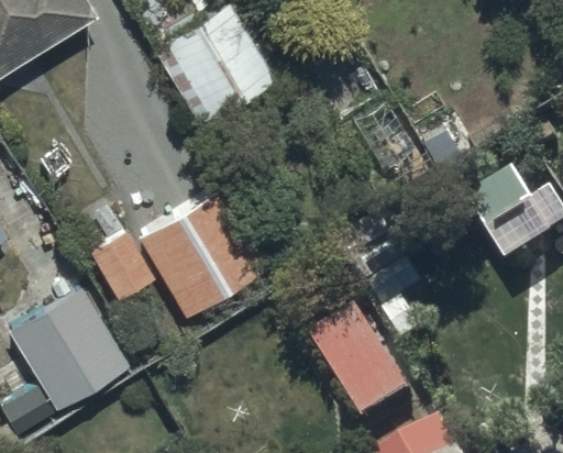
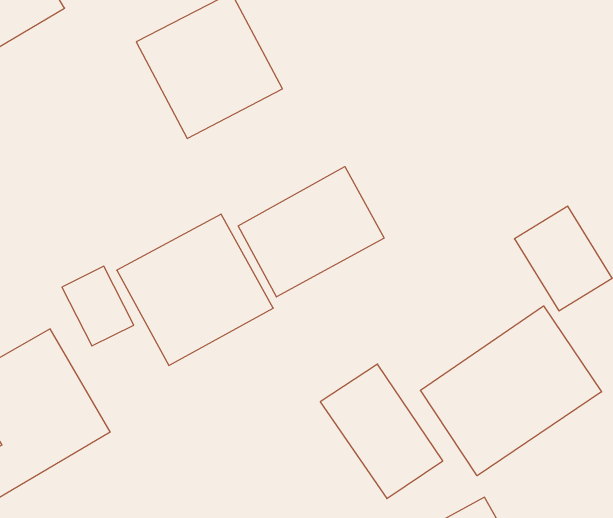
building: none -> [238,167,384,297]
building: none -> [420,306,602,476]

